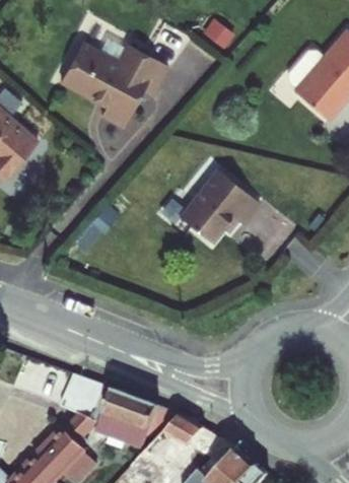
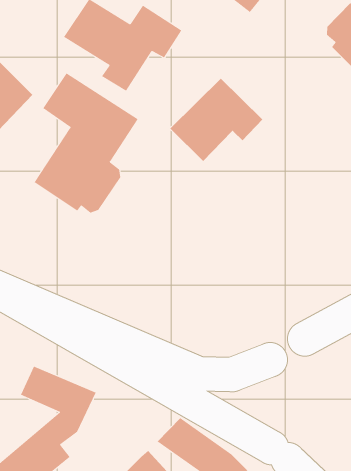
building: none -> [34,72,139,214]
building: [182,175,264,250] -> [169,78,263,162]
building: [100,392,183,451] -> none

